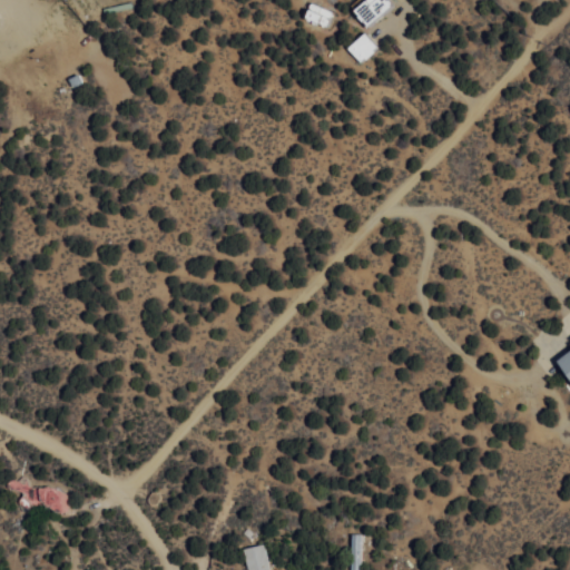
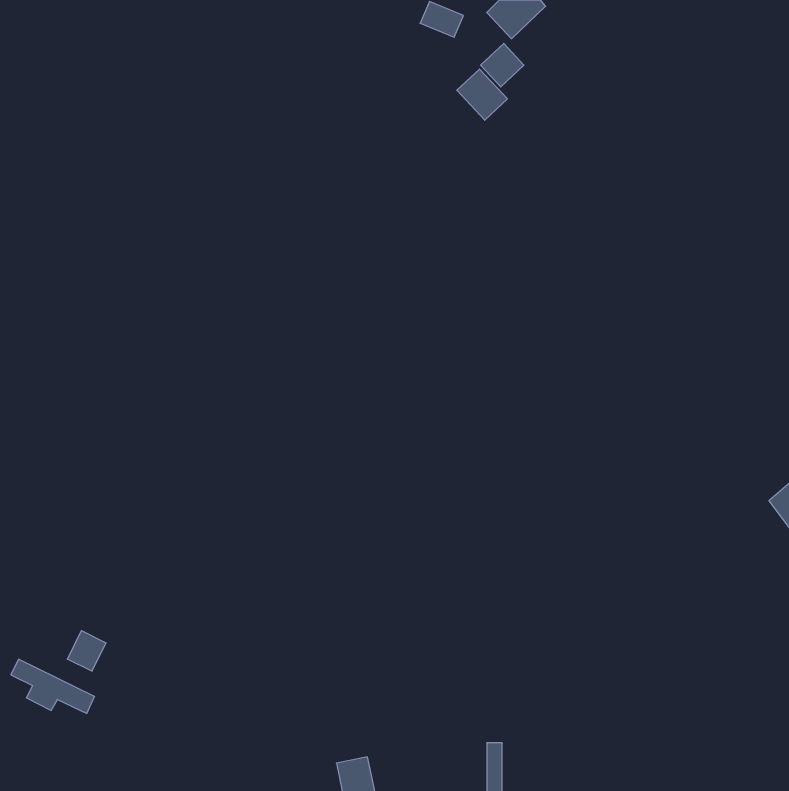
building: none -> [457,69,507,120]
building: none -> [67,631,106,671]

